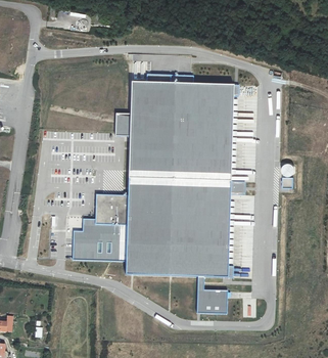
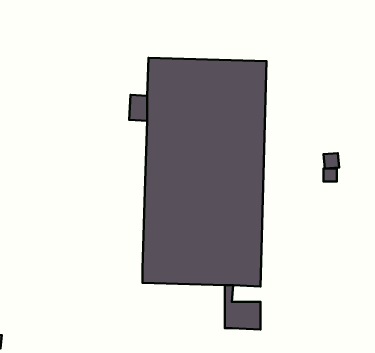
building: [73,194,128,262] -> none

